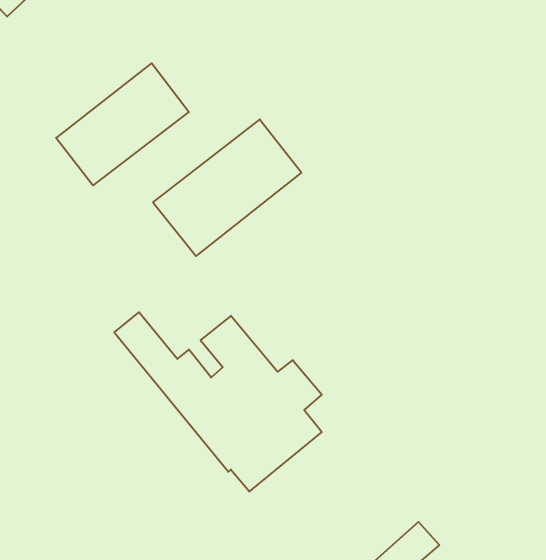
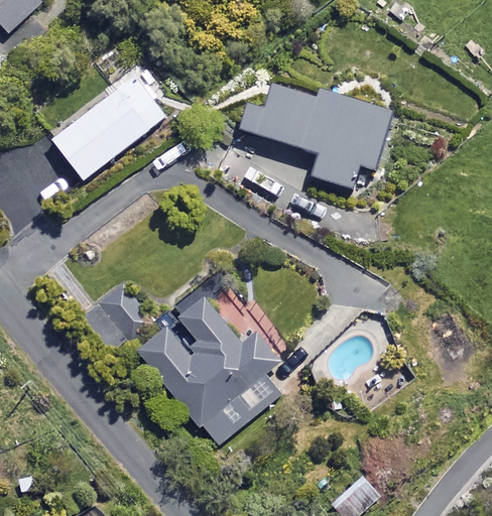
building: none -> [238,81,387,185]
building: [153,119,301,256] -> none

